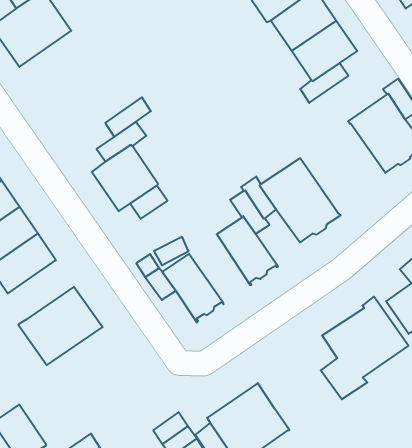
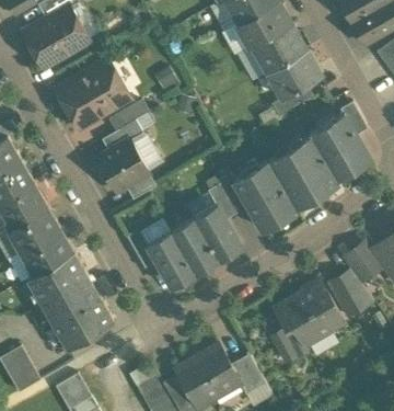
building: none -> [57,60,129,127]
building: none -> [268,136,339,208]
building: none -> [171,218,219,275]
building: none -> [20,229,74,276]
building: none -> [47,287,115,350]
building: none -> [231,352,266,393]

